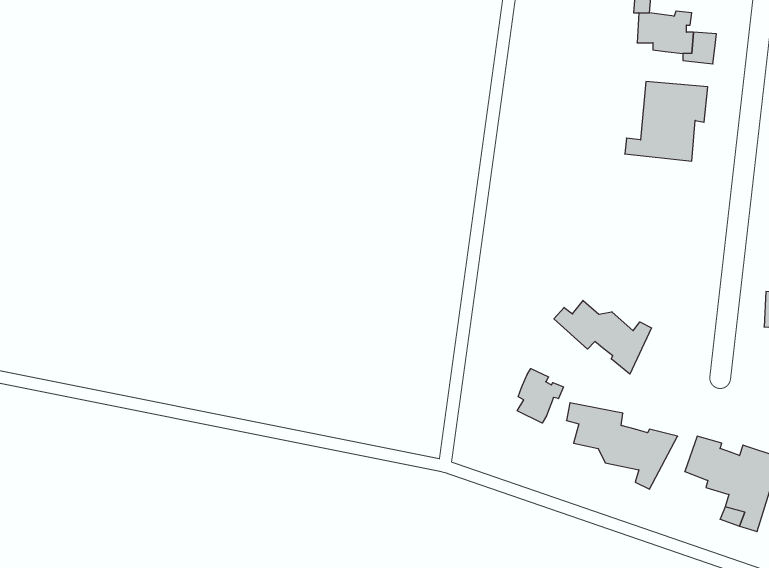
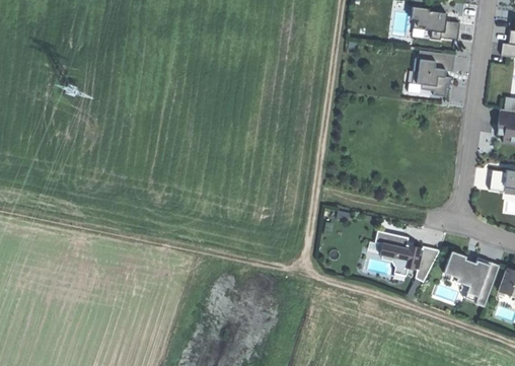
building: [554,300,652,374] -> none
building: [517,369,563,423] -> none

